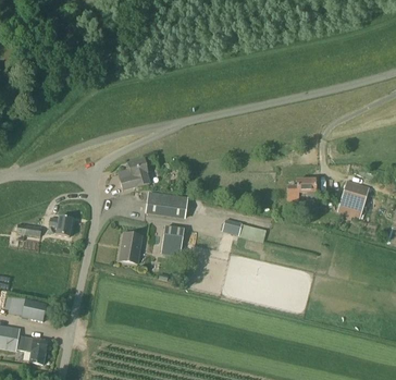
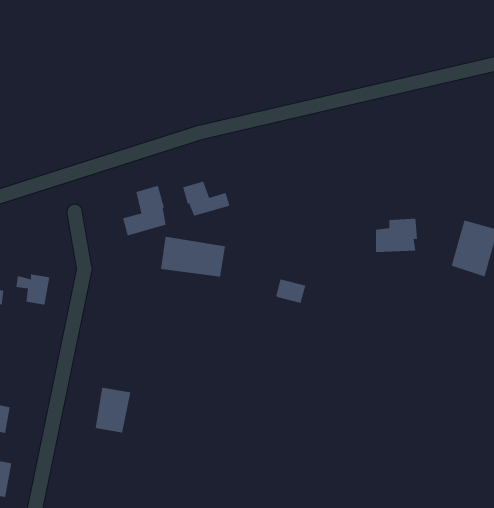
building: none -> [182,181,230,216]
building: [161,226,184,255] -> none
building: [119,233,143,263] -> [95,387,131,433]

